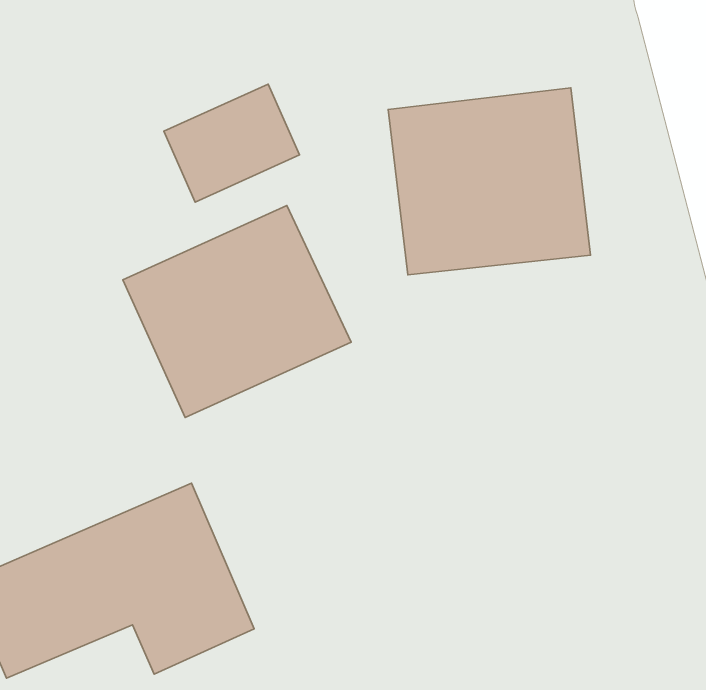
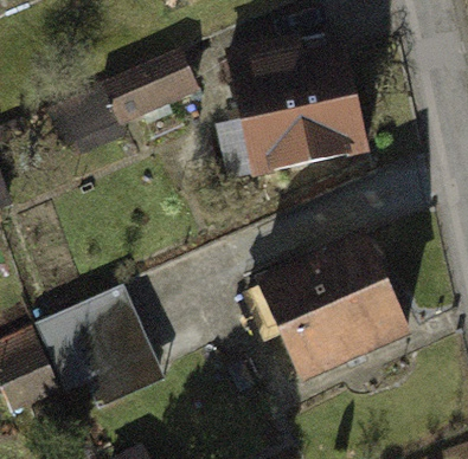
building: [123,206,351,418] -> none
building: none -> [261,257,399,376]

